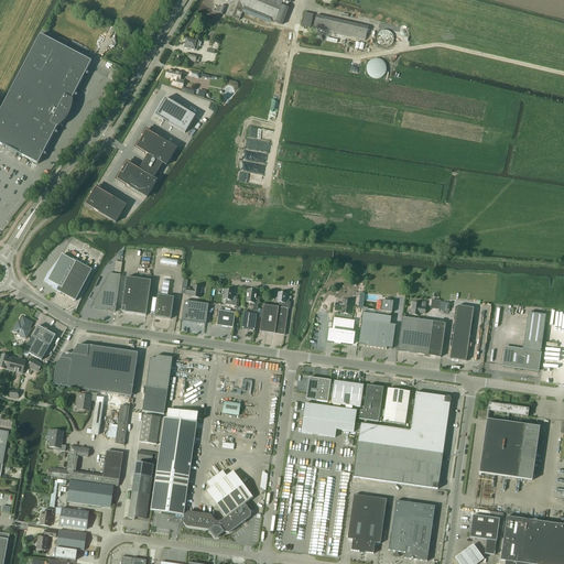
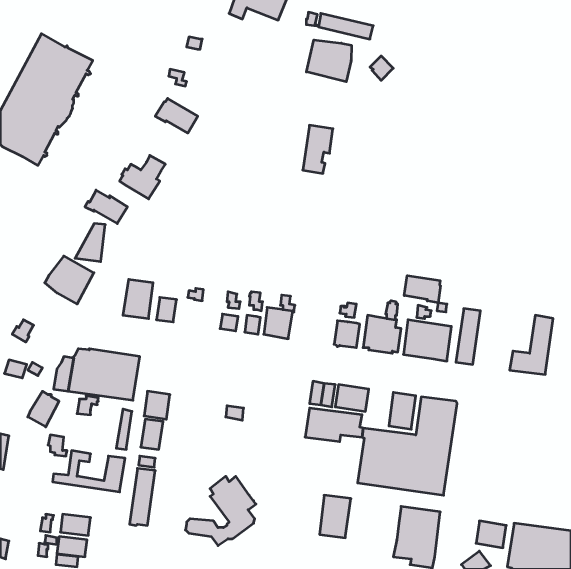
building: none -> [306,40,351,82]
building: [138,129,176,164] -> none
building: [240,135,270,183] -> [303,125,333,173]
building: none -> [404,276,440,303]
building: [90,272,120,310] -> [75,224,105,262]
building: [182,300,208,323] -> none
building: [24,324,55,359] -> [28,391,59,427]
building: [145,354,172,389] -> none
building: [358,384,383,421] -> none
building: [478,401,540,479] -> none
building: [151,408,198,517] -> none
building: [67,478,113,507] -> none
building: [347,494,387,552] -> none

